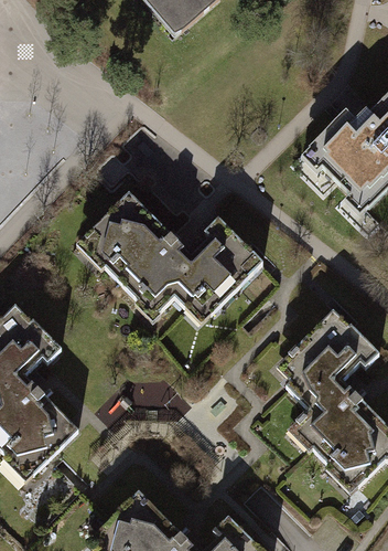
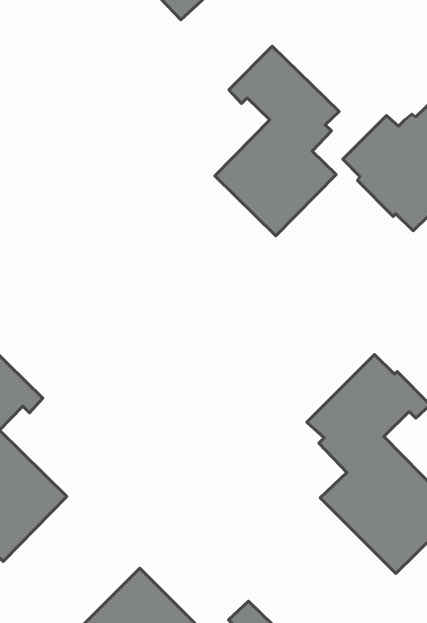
building: none -> [215,46,339,236]
building: [78,192,267,328] -> none

